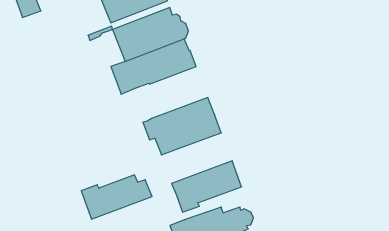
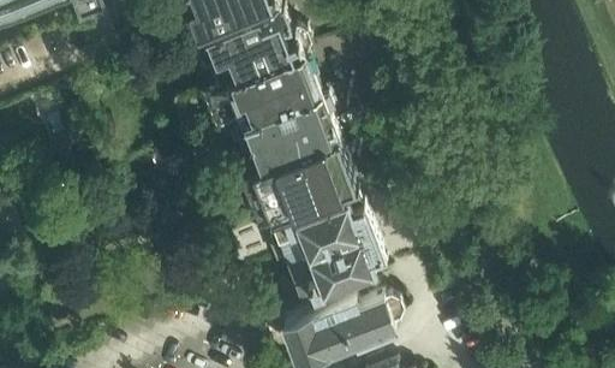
building: none -> [235,99,340,179]
building: [81,175,152,219] -> [274,204,375,268]

